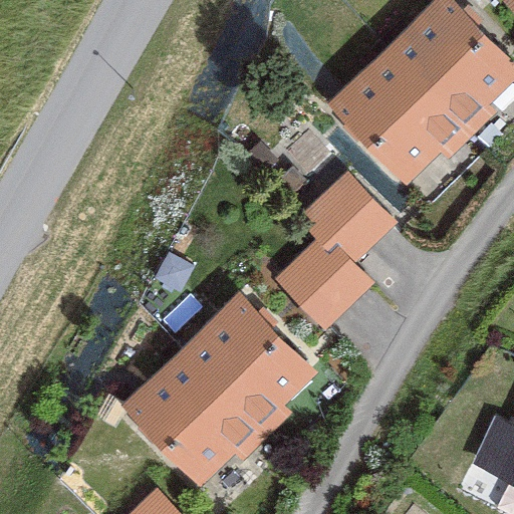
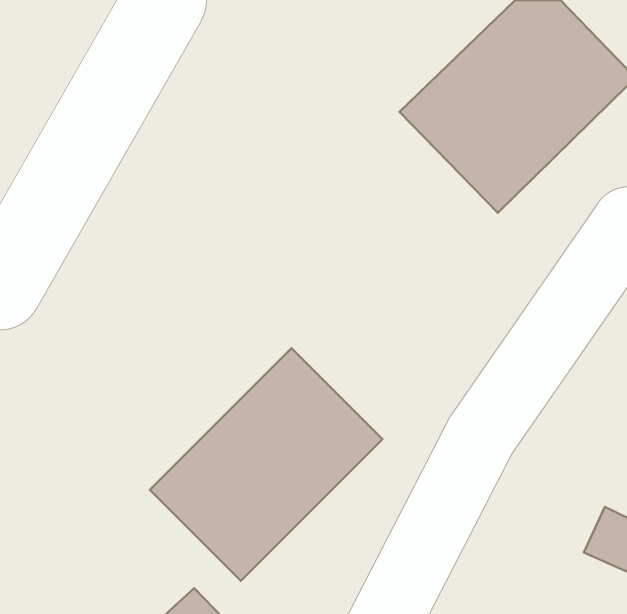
building: [280,176,396,323] -> none

